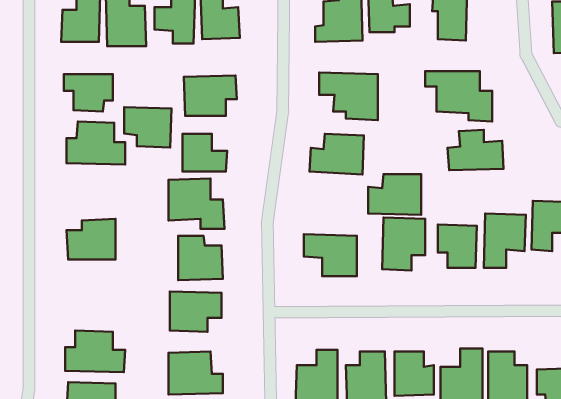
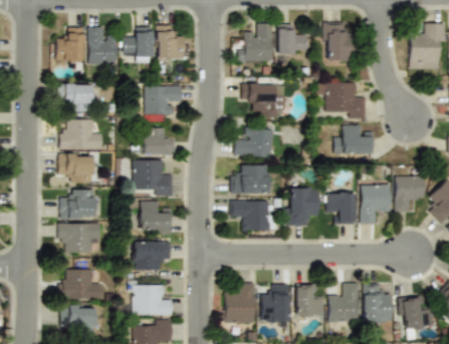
building: [124,107,172,148] -> [59,153,93,183]
building: [368,174,421,215] -> [231,164,269,194]
building: none -> [58,223,101,253]

